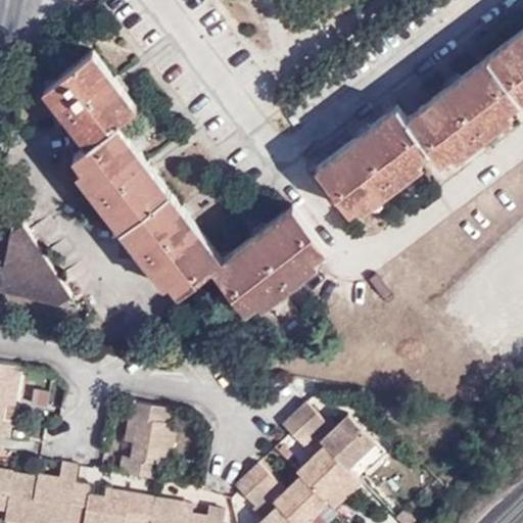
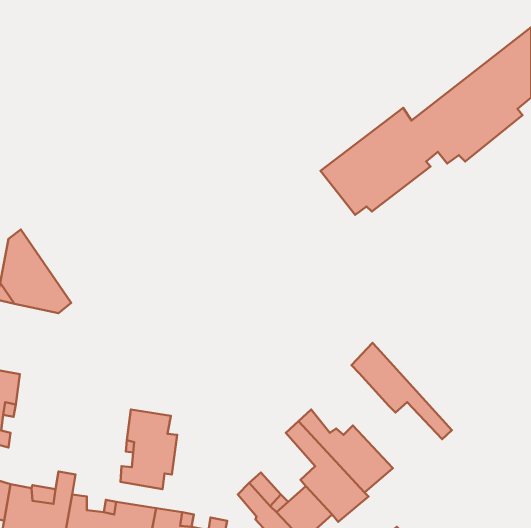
building: [42,57,323,316] -> none
building: none -> [352,343,452,439]

